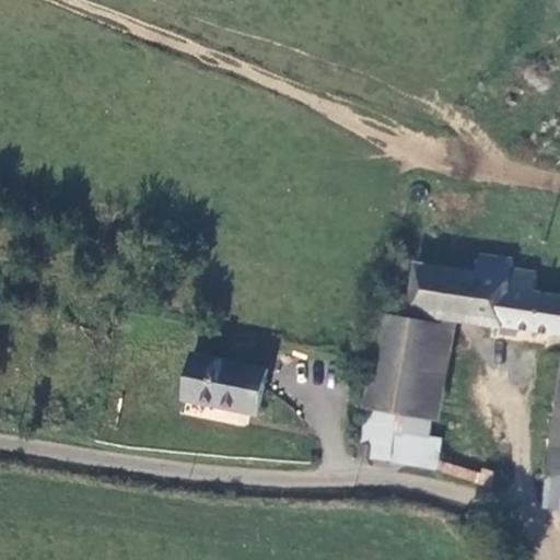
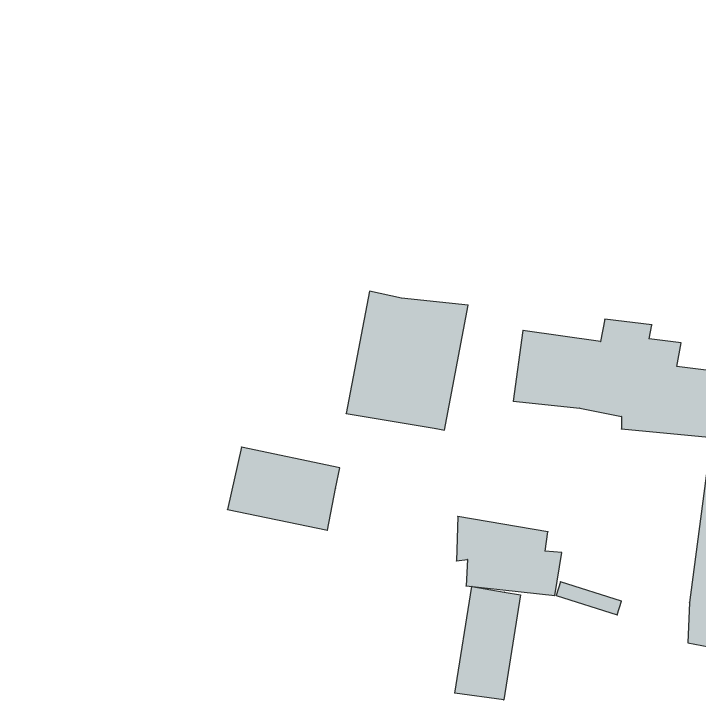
building: [363,311,459,420] -> [346,291,468,430]
building: none -> [455,586,520,700]

